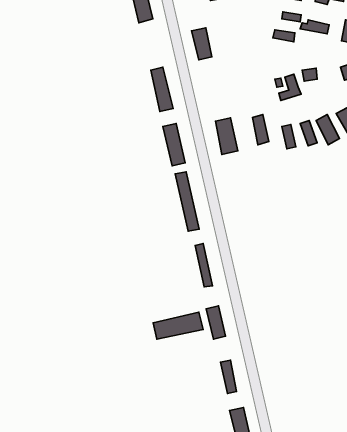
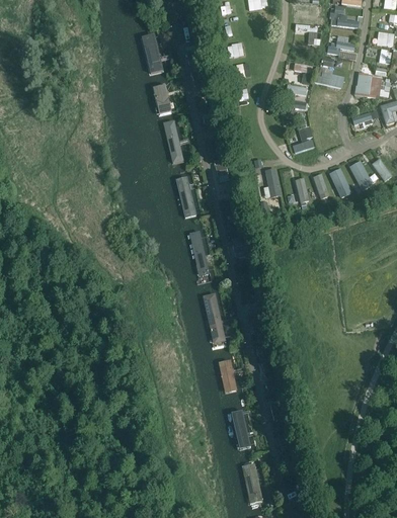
building: [192,28,212,60] -> [152,84,172,116]
building: [216,118,238,154] -> none
building: [153,312,203,339] -> none

